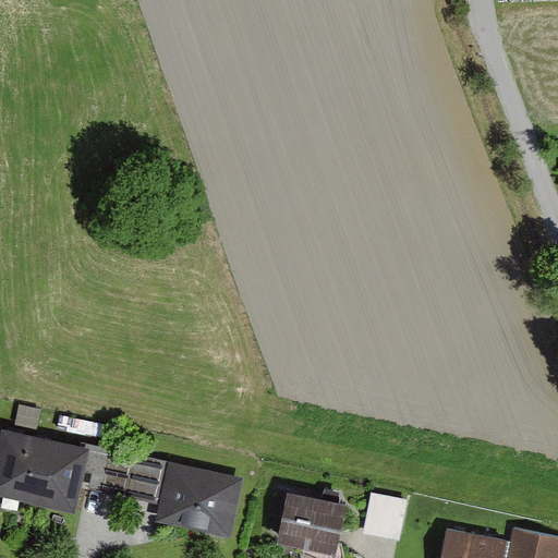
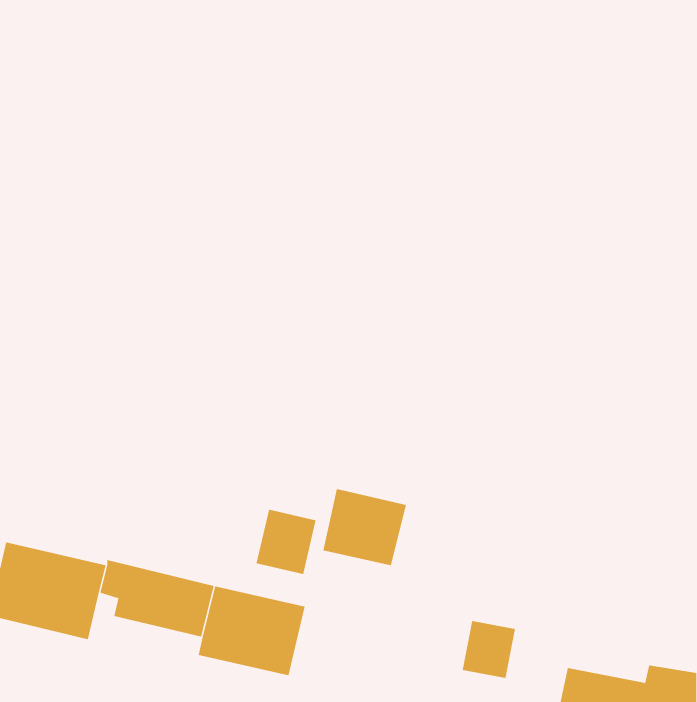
building: none -> [256,509,316,575]
building: [279,492,345,553] -> [322,488,407,566]

